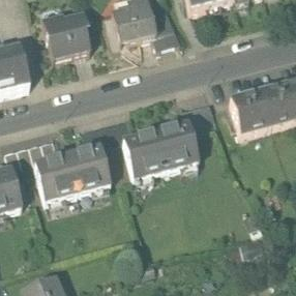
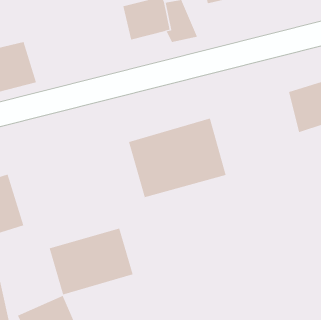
building: [43,10,91,59] -> none
building: [231,88,272,132] -> none
building: [34,143,111,204] -> [49,228,133,295]

